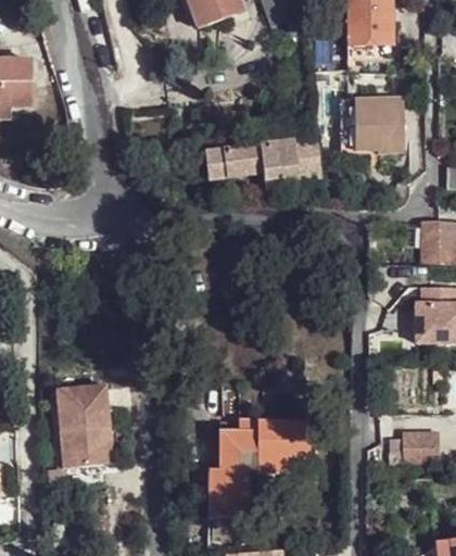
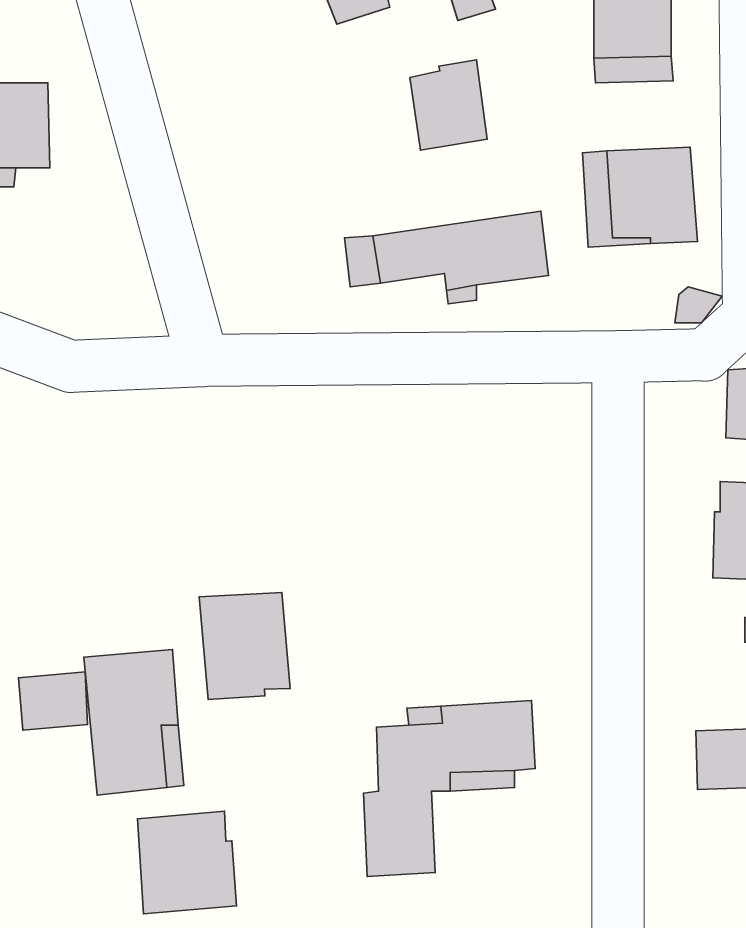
building: none -> [410,60,487,150]
building: none -> [199,592,290,700]
building: none -> [19,672,88,730]
building: none -> [138,811,236,914]

